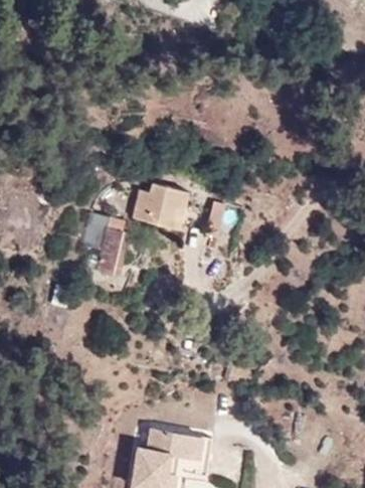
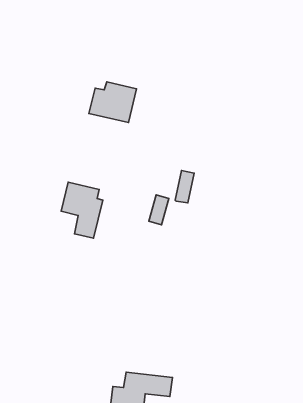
building: [133,184,186,229] -> [89,82,137,122]

